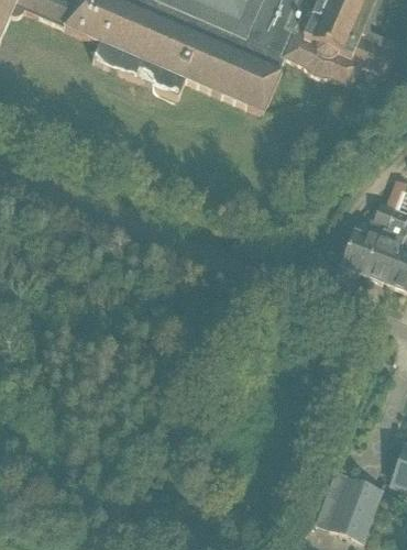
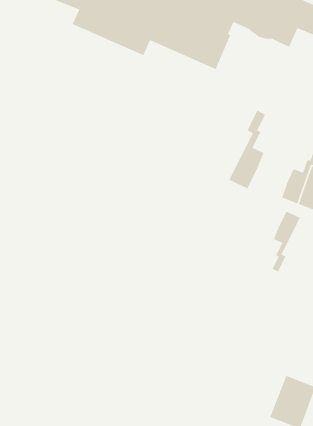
building: none -> [228,110,266,189]
building: none -> [271,210,301,273]

